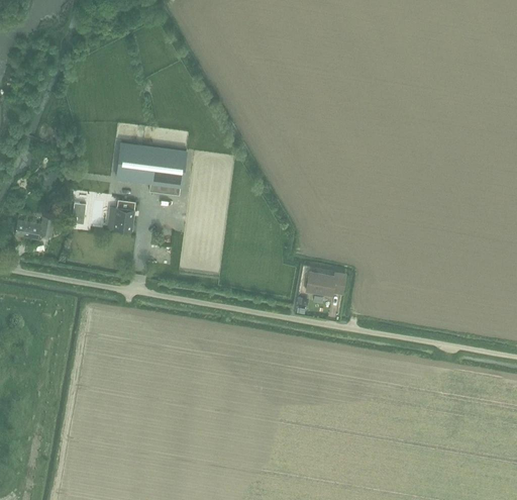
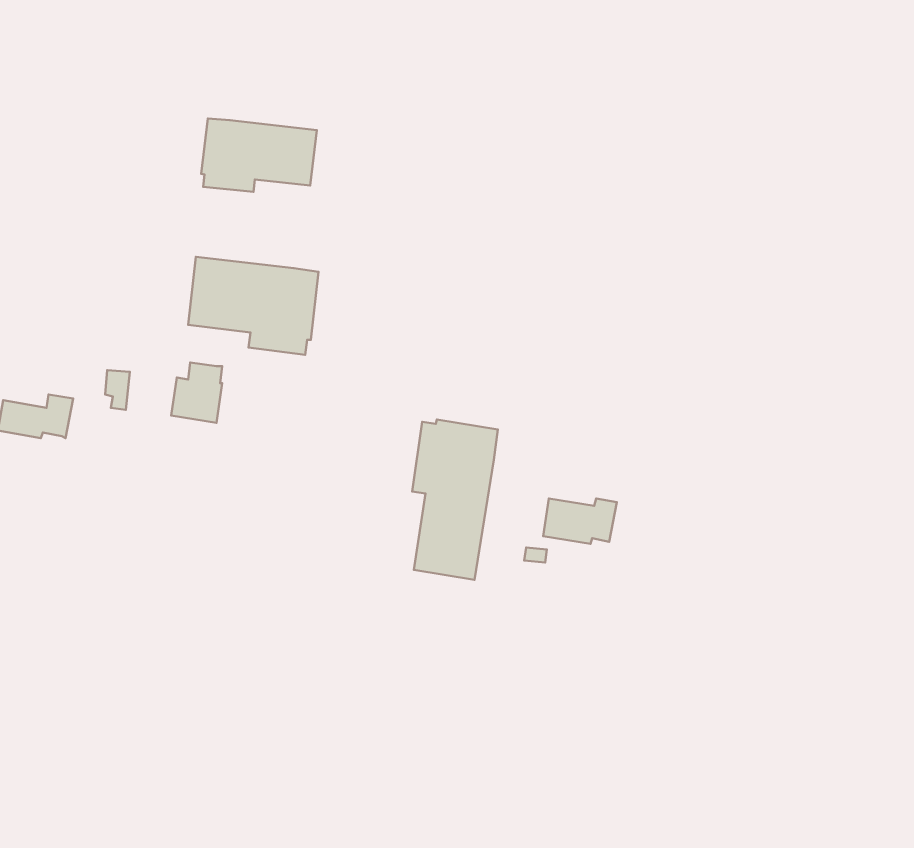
building: none -> [201,118,317,192]
building: none -> [412,419,498,580]

